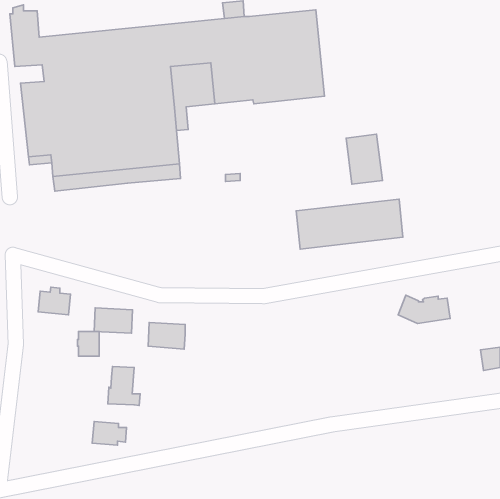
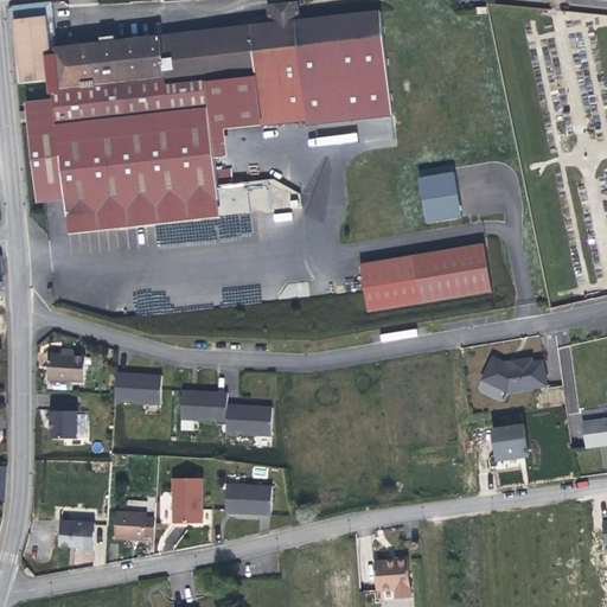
building: [77,332,99,356] -> [49,410,75,440]
building: none -> [222,404,269,436]
building: none -> [491,426,525,455]
building: [108,366,140,406] -> [172,479,211,526]
building: none -> [225,483,270,516]
building: none -> [58,520,92,549]
building: none -> [373,562,407,599]

